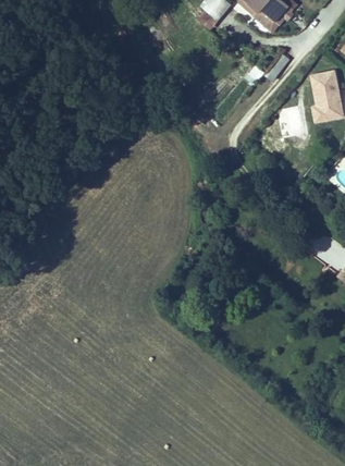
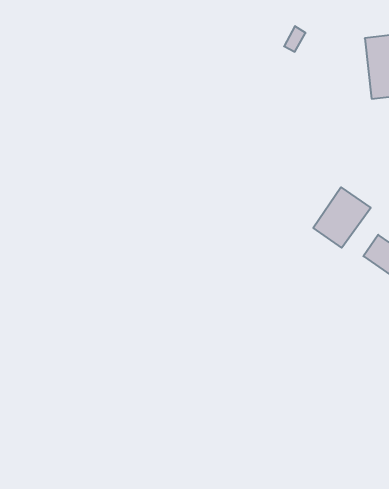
building: none -> [313,187,371,248]

